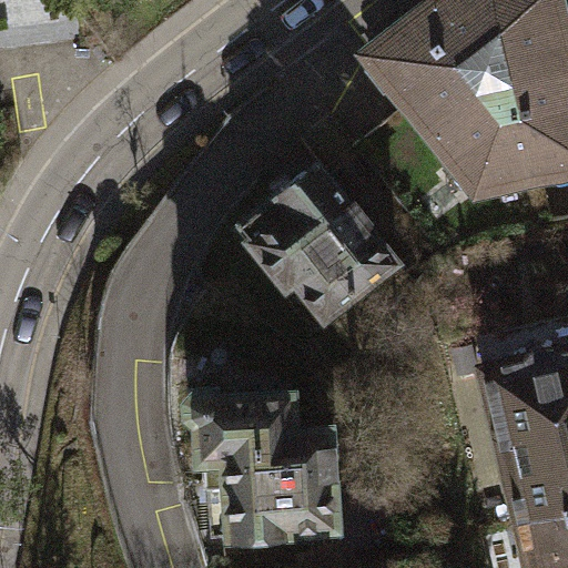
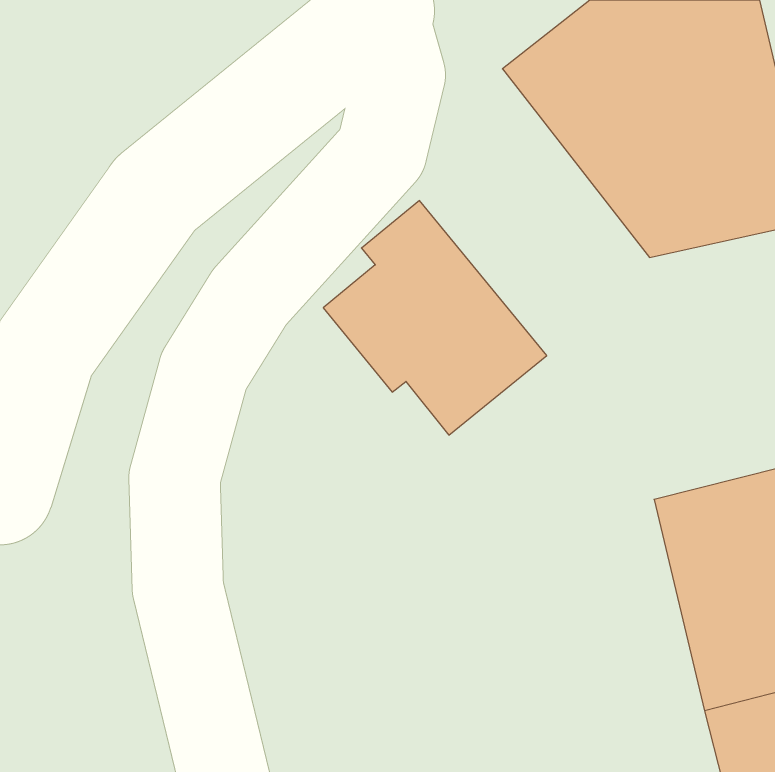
building: [191,393,335,539] -> none

